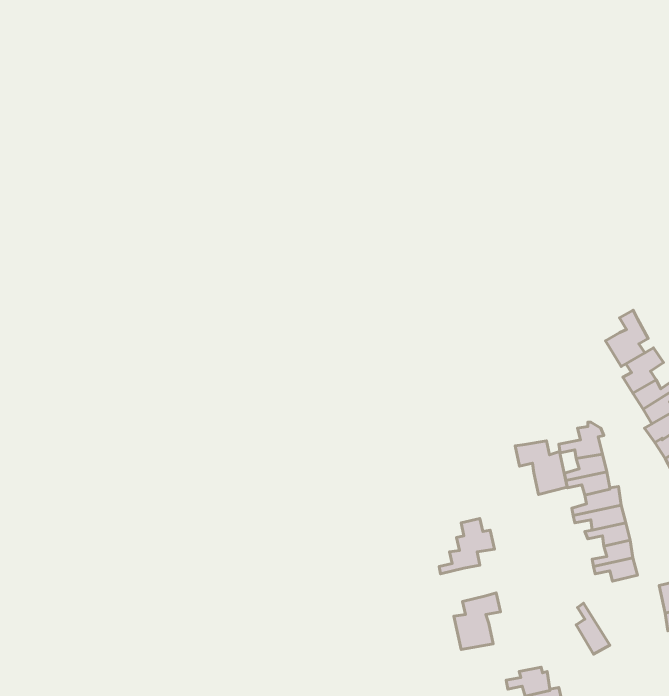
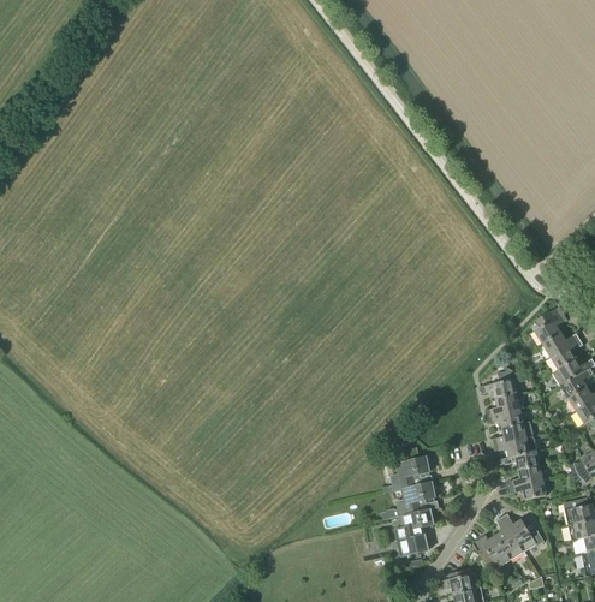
building: [605,310,648,366] -> none
building: [515,441,567,495] -> none
building: none -> [382,483,435,520]
building: none -> [502,514,545,553]
building: none -> [474,536,511,572]

